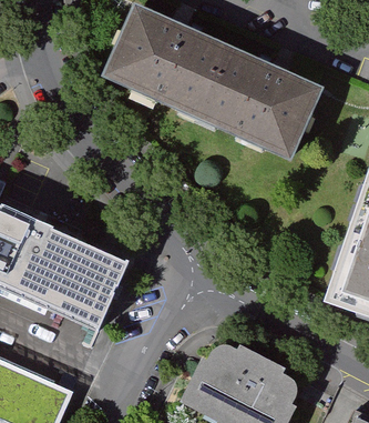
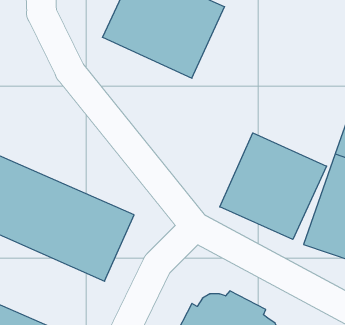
building: [203,47,326,162] -> none
building: none -> [220,133,327,239]

